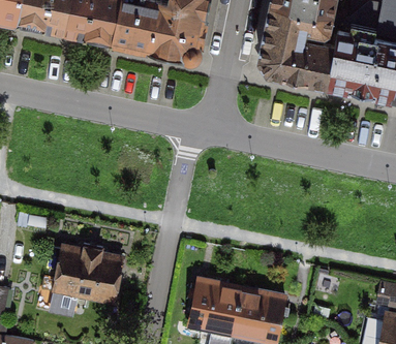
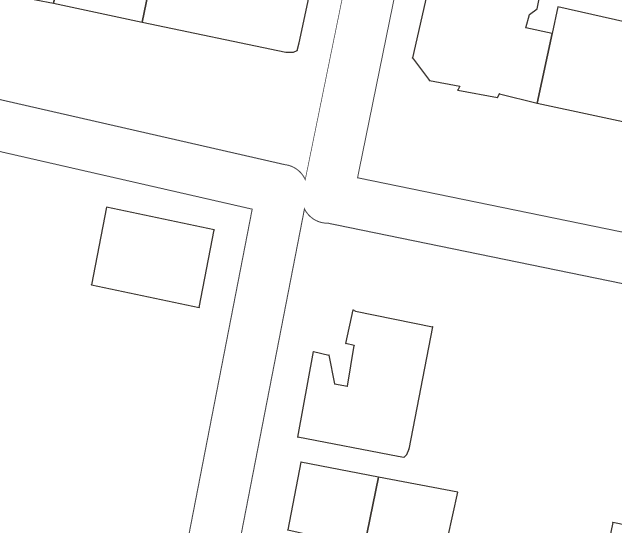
building: none -> [298,310,433,457]
building: [53,248,120,303] -> [91,207,214,307]

